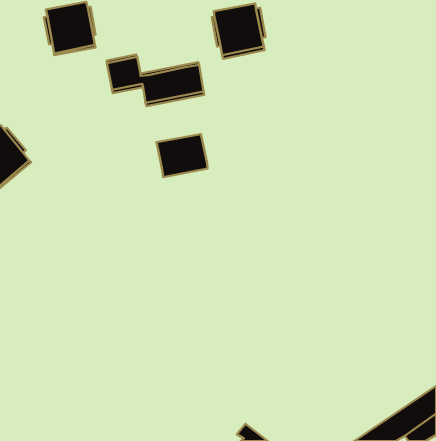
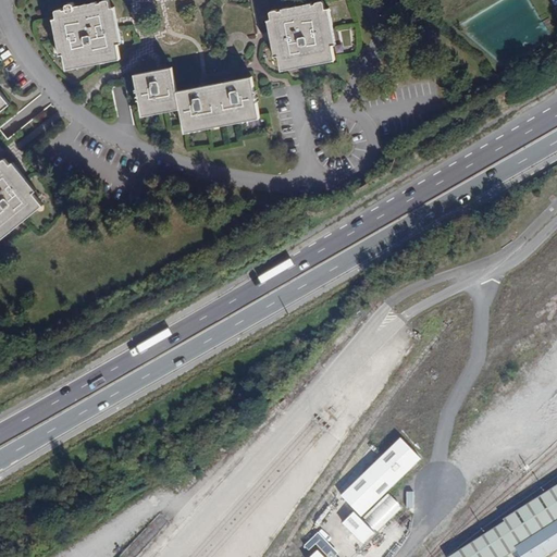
building: [156,134,207,177] -> none
building: none -> [335,437,416,550]

